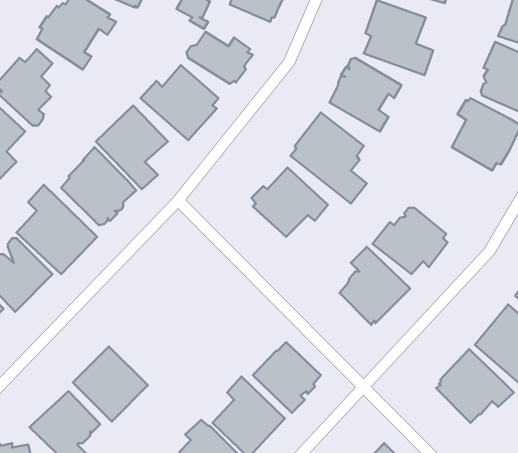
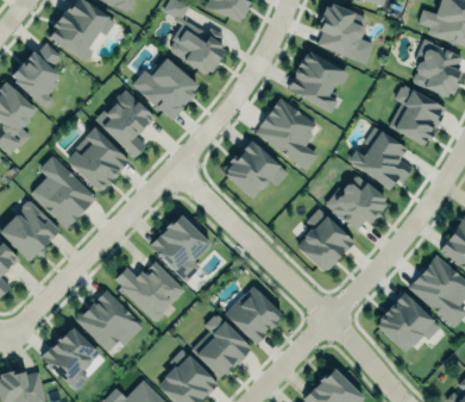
building: none -> [347,126,411,188]
building: none -> [149,215,210,283]
building: none -> [115,260,184,321]

